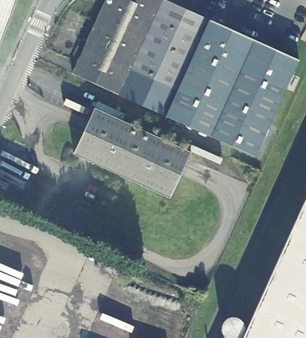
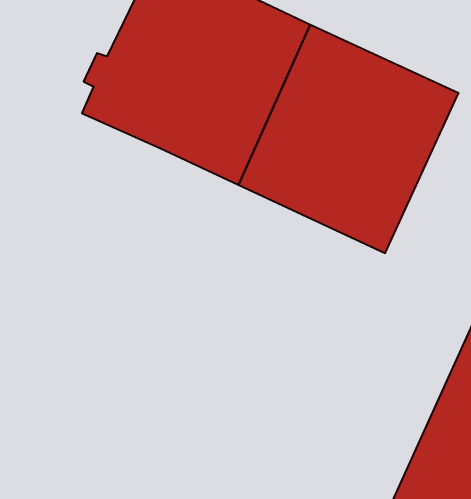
building: [73,108,190,199] -> none

